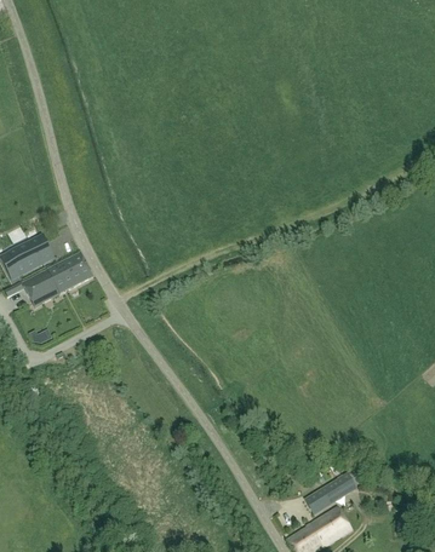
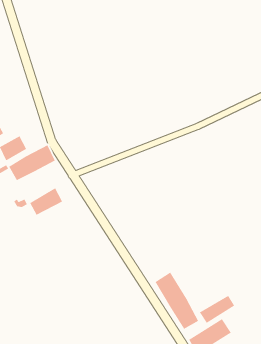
building: none -> [29,187,63,216]
building: none -> [155,272,199,330]

